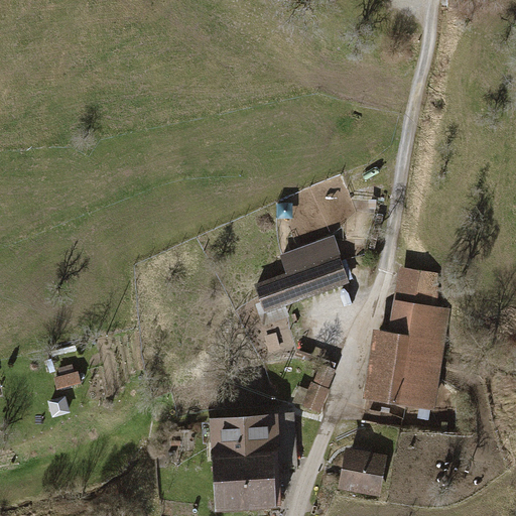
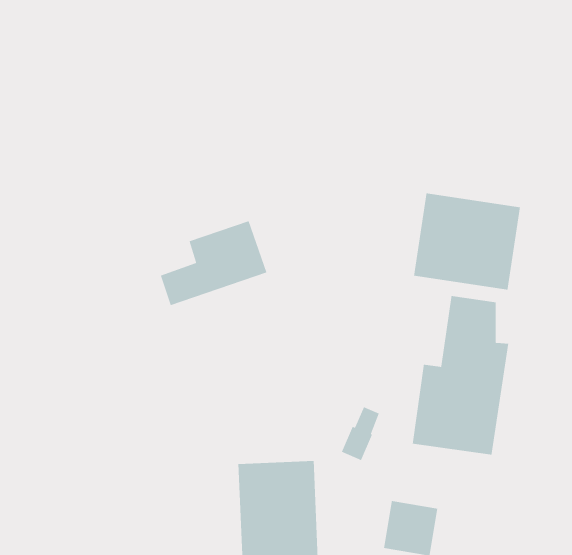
building: none -> [413,193,521,290]
building: [255,237,350,312] -> [160,220,268,306]

